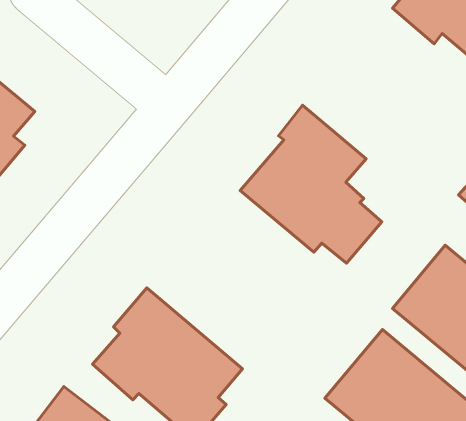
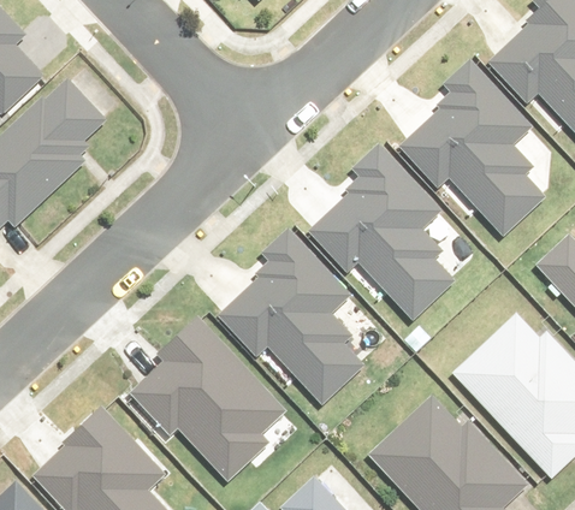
building: none -> [403,60,540,236]
building: none -> [219,235,361,405]

